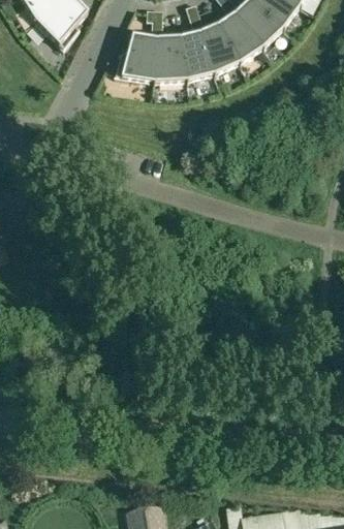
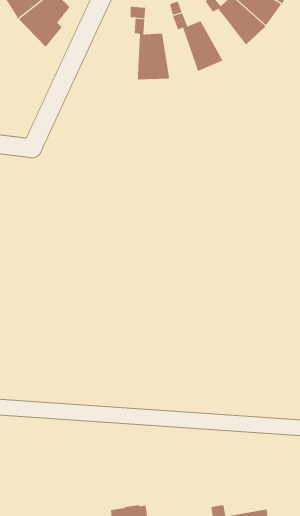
building: [219,11,264,64] -> none
building: [181,30,216,82] -> none
building: [115,33,157,84] -> none

